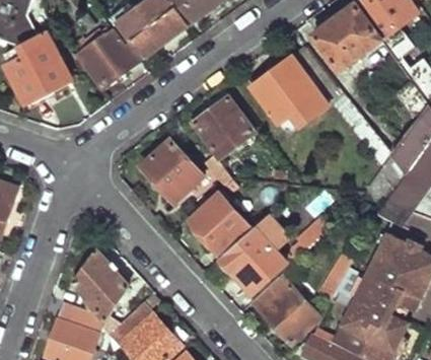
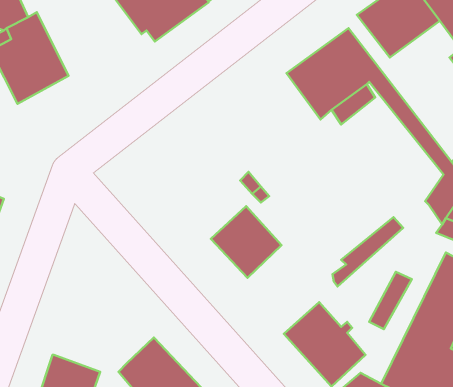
building: [79,28,137,87] -> none
building: [192,94,258,158] -> none
building: [138,139,201,201] -> none
building: [218,214,289,302] -> none
building: [59,251,127,336] -> none

